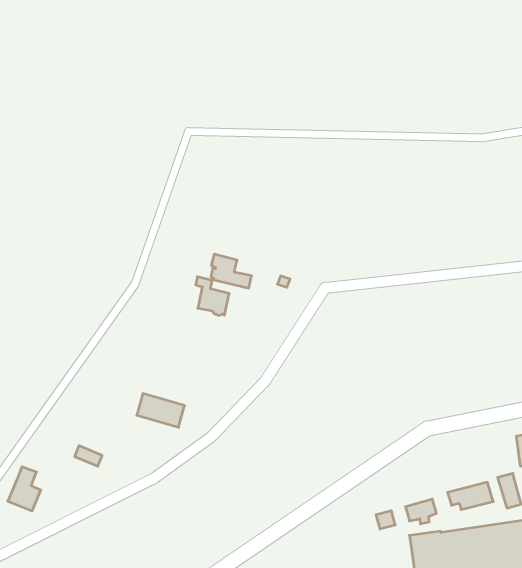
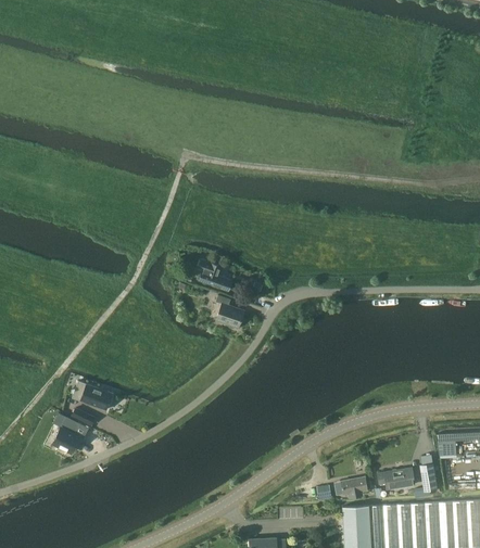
building: [196,277,229,315] -> [216,295,243,329]
building: [137,394,185,427] -> [72,381,112,411]
building: [8,467,41,511] -> [52,417,80,454]

